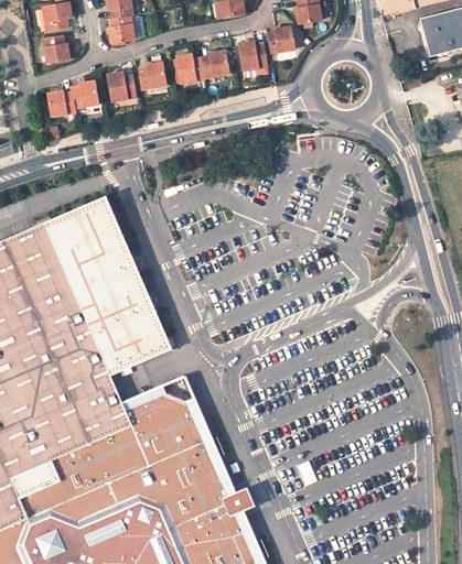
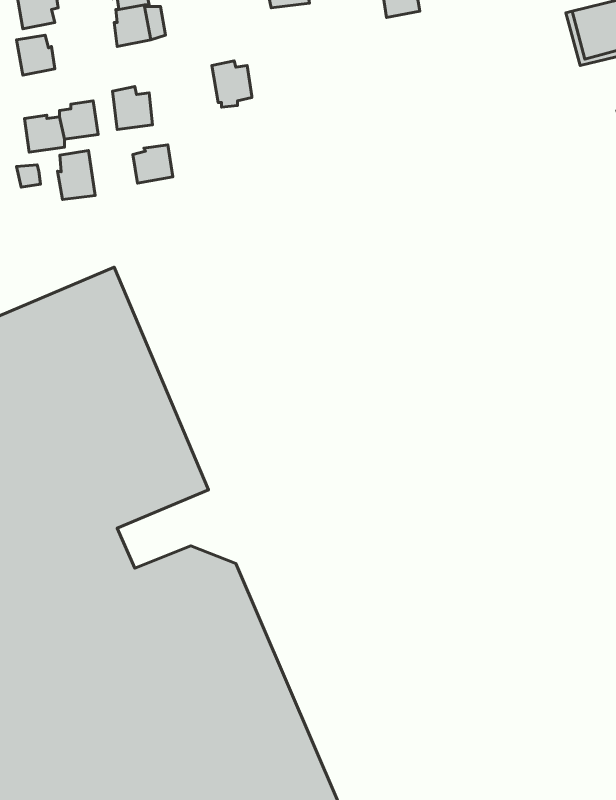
building: [267,24,296,51] -> none
building: [238,40,267,68] -> none
building: [201,50,229,77] -> none
building: [139,62,166,88] -> [133,145,173,183]
building: none -> [58,150,95,200]

